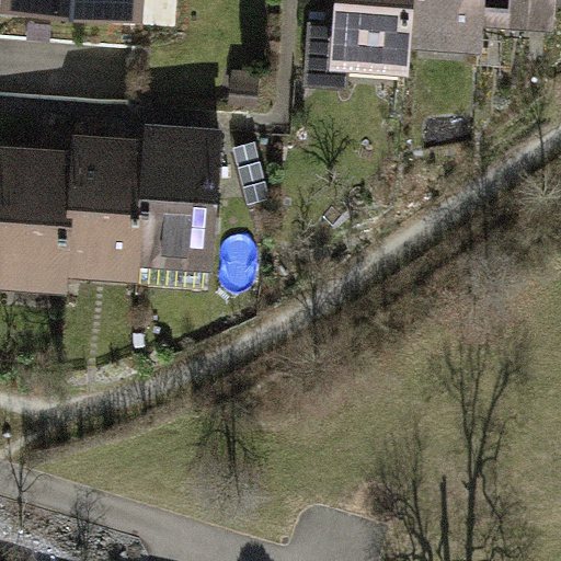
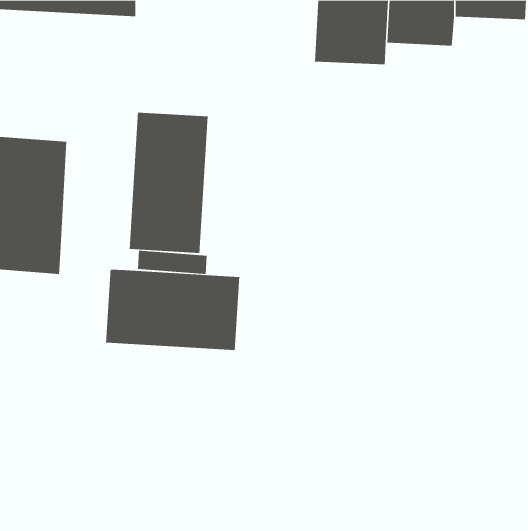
building: [64,134,142,279] -> none
building: none -> [105,269,240,351]

